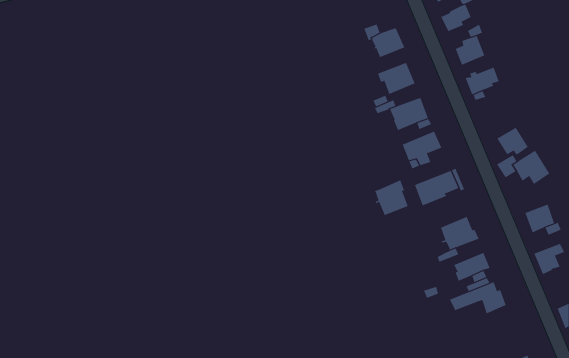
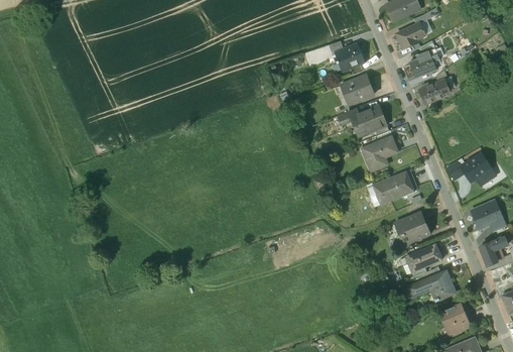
building: [497,127,529,155] -> none
building: [373,179,409,216] -> none
building: none -> [439,305,470,335]

